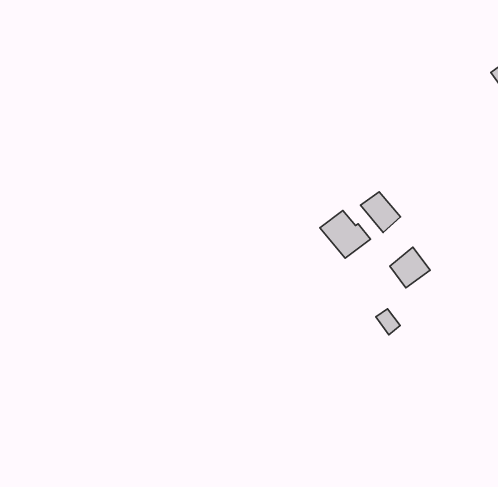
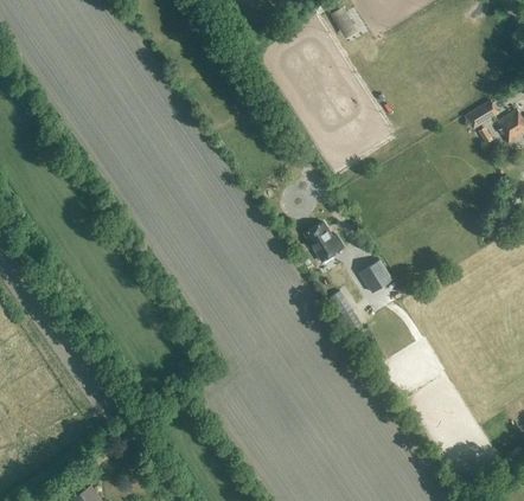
building: [361,192,401,233] -> none

